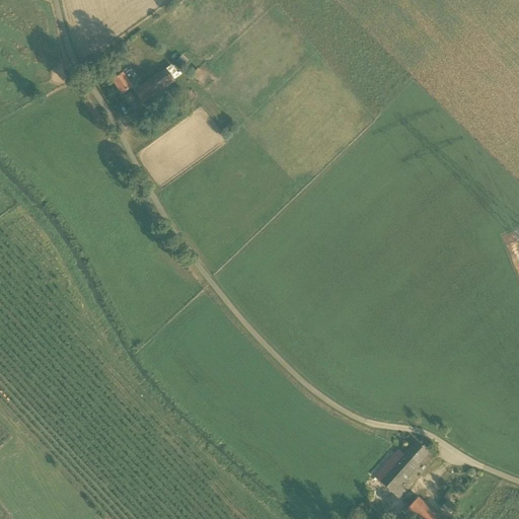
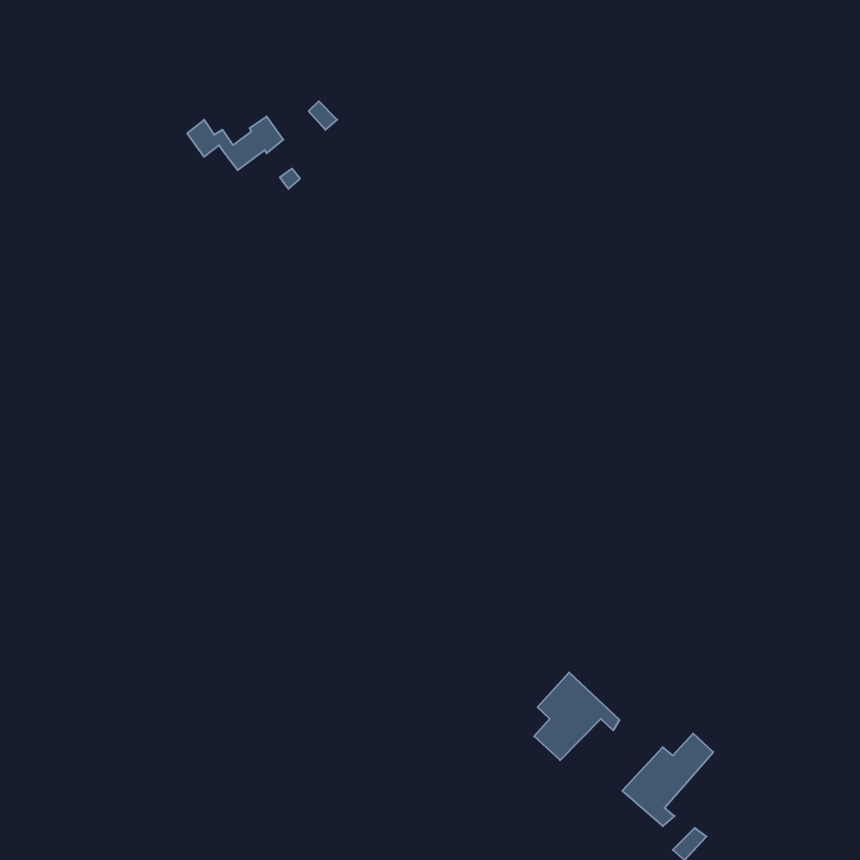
building: none -> [534,672,619,760]

